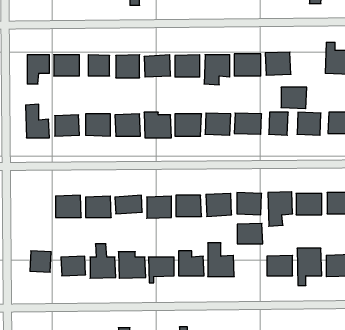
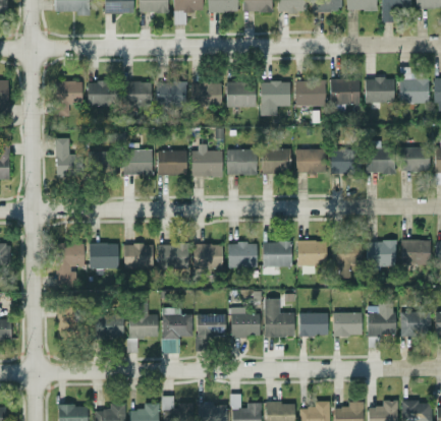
building: [281,87,307,109] -> [365,78,394,103]
building: none -> [56,243,84,287]
building: [237,223,263,244] -> [298,312,328,336]

